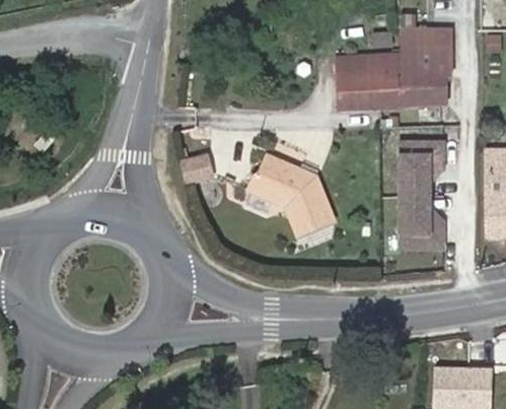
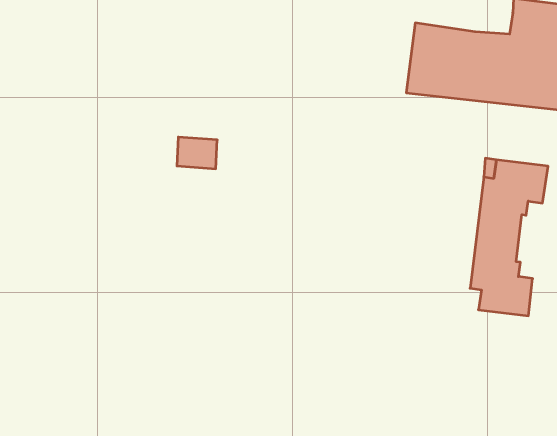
building: [251,160,337,233] -> none

